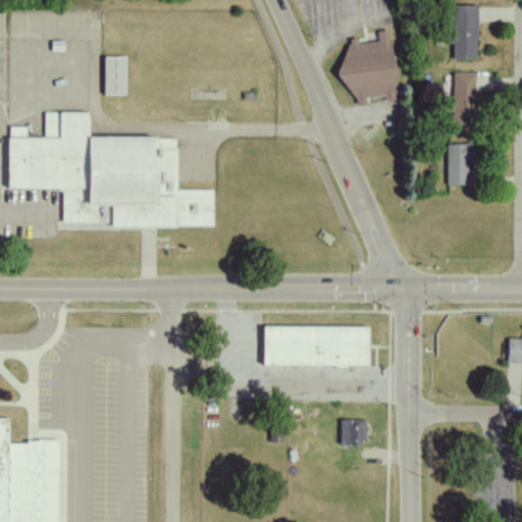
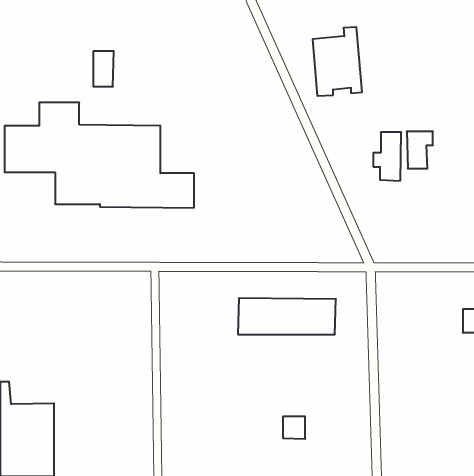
building: [449,5,479,59] -> none
building: [447,73,477,126] -> [373,132,401,181]
building: [343,420,367,445] -> [283,417,305,439]

